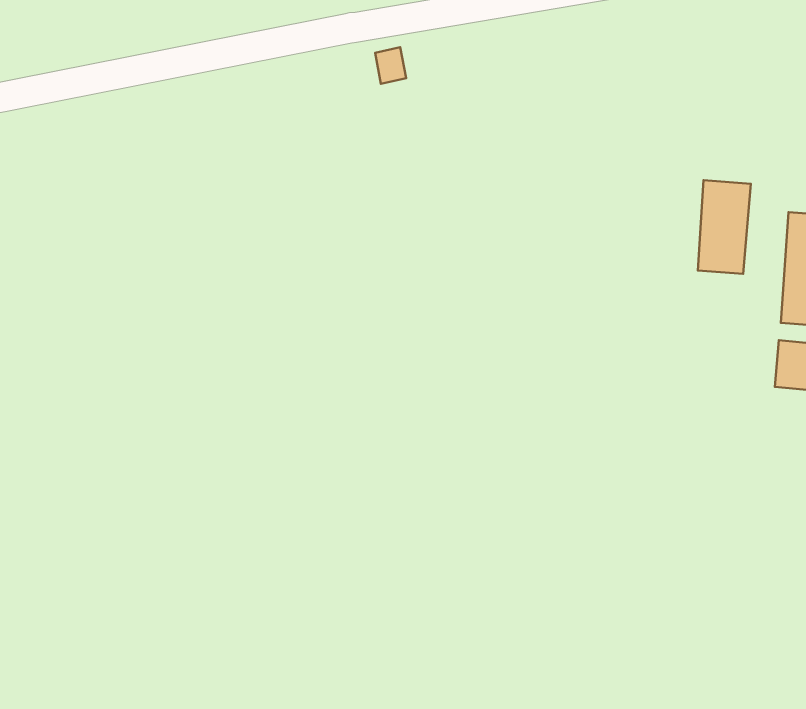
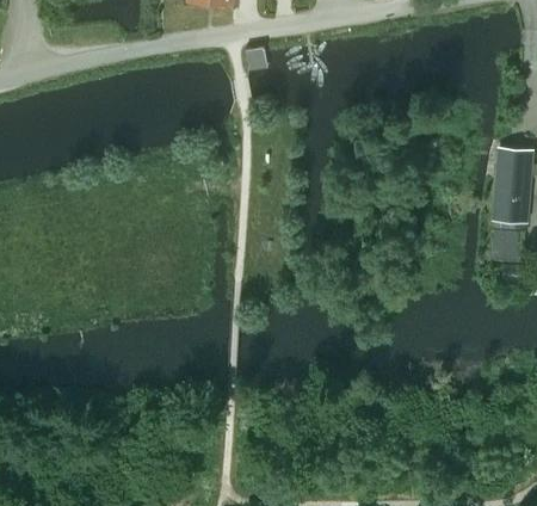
building: [698,180,751,274] -> none

